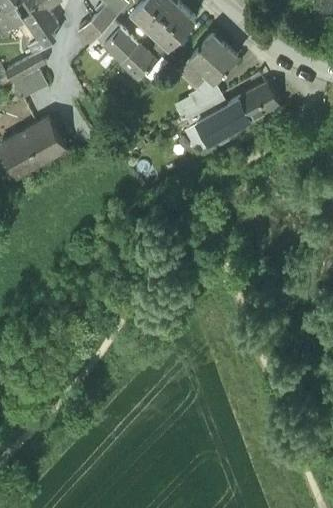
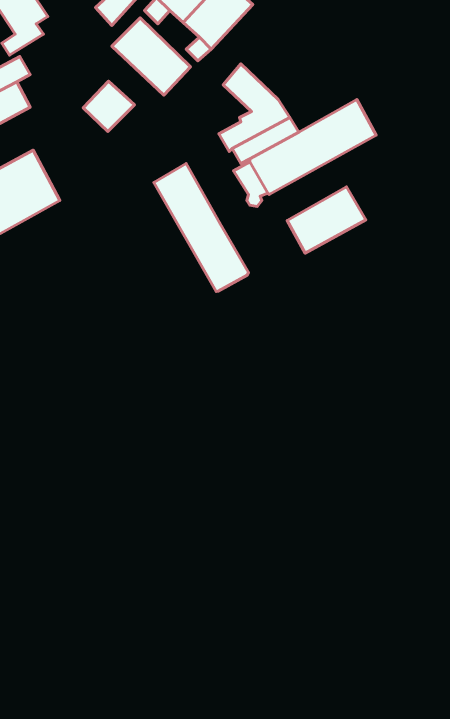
building: [190,31,240,81] -> none
building: none -> [83,81,134,131]
building: none -> [154,164,249,292]
building: none -> [287,187,366,253]

